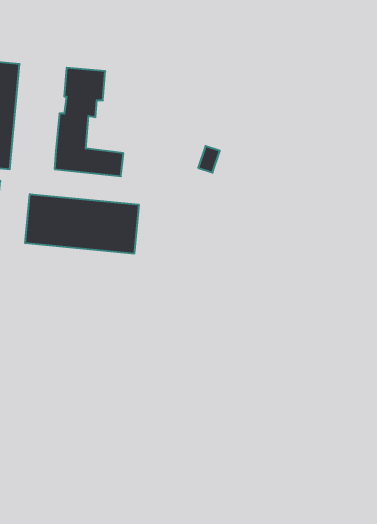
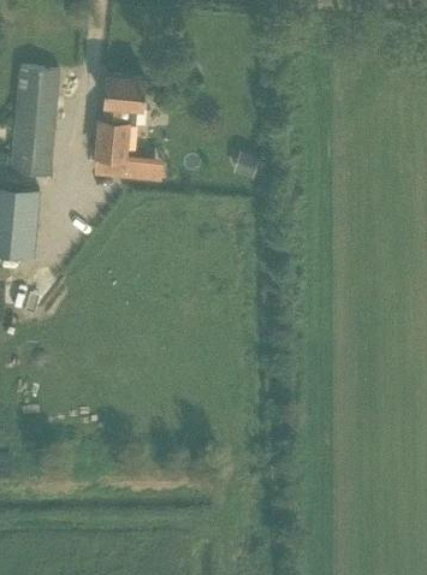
building: [25,194,139,254] -> none

